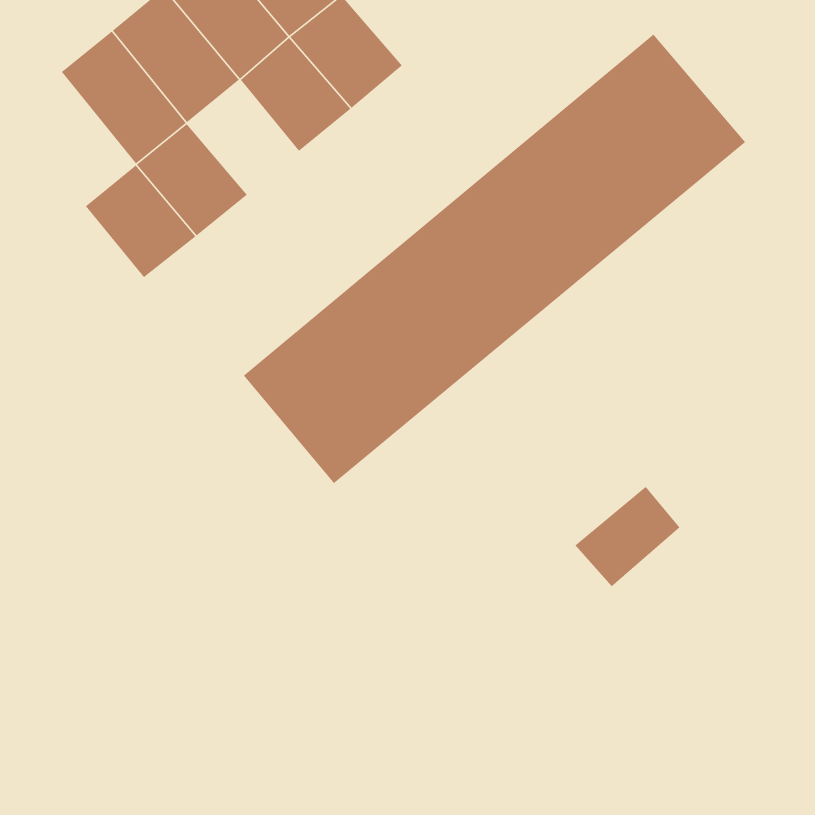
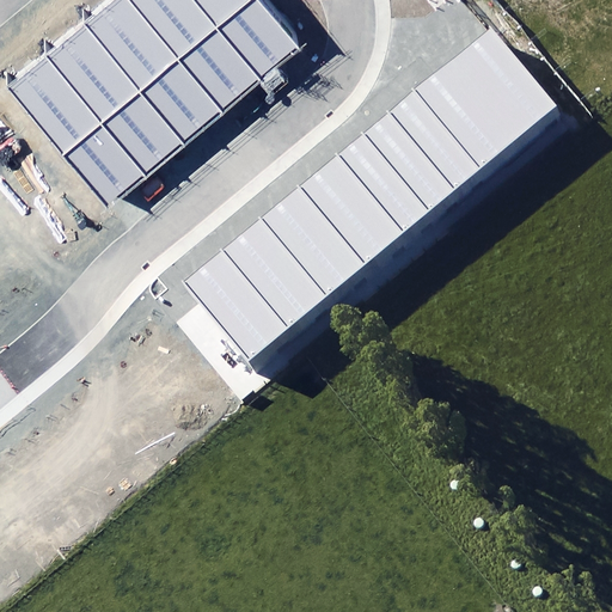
building: none -> [8,54,103,154]
building: none -> [141,60,225,146]
building: [574,486,680,587] -> none

